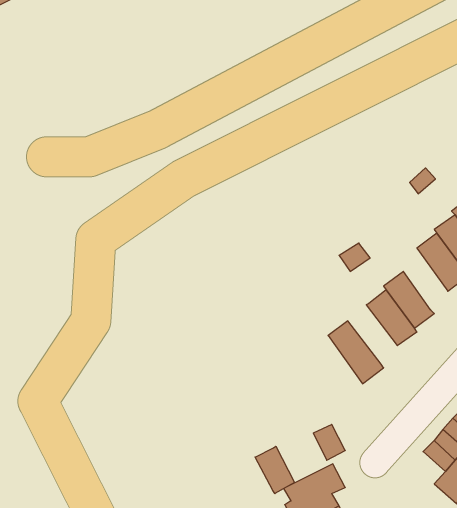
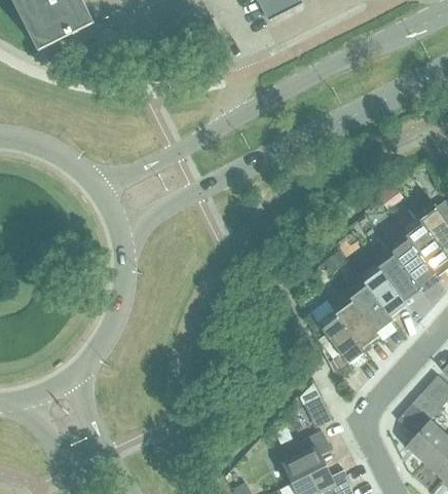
building: none -> [377,253,420,301]
building: none -> [331,293,377,346]
building: [255,446,294,494] -> none

